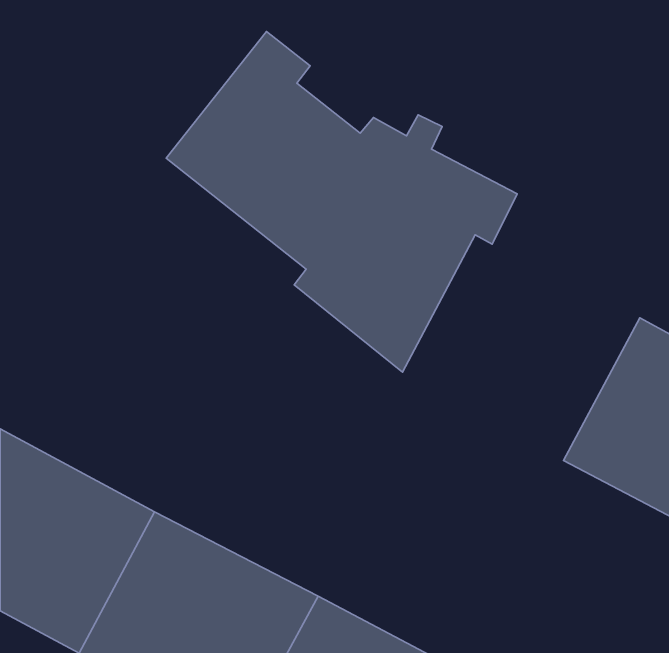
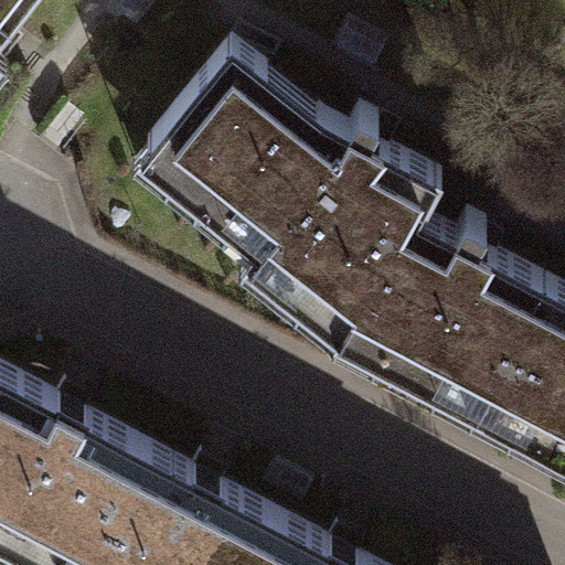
building: none -> [340,214,540,403]

